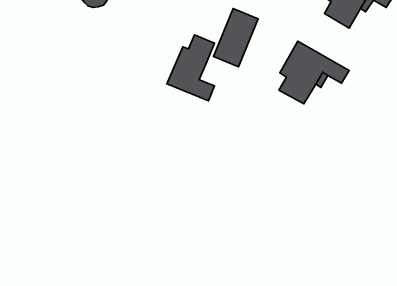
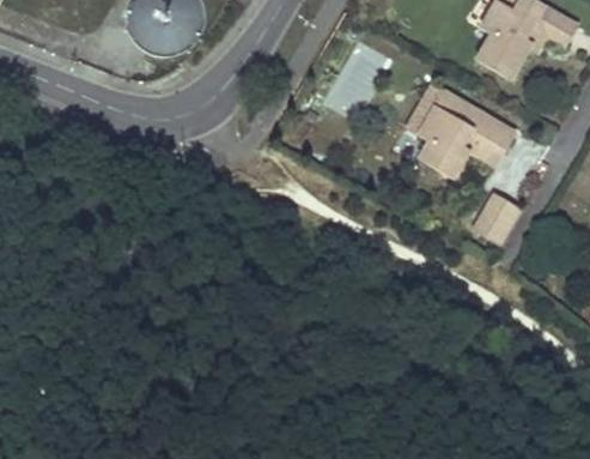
building: [167,35,215,101] -> none
building: none -> [475,192,524,244]

